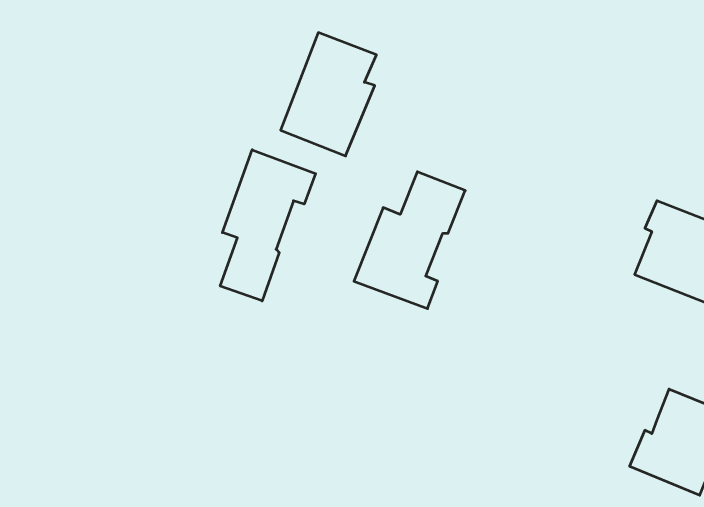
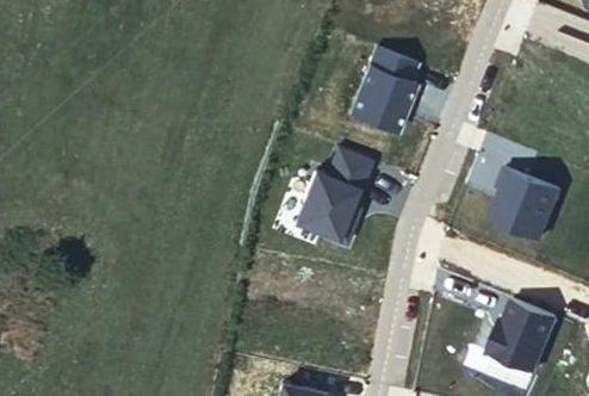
building: [281,33,376,156] -> [349,48,416,134]
building: [220,150,316,301] -> none

